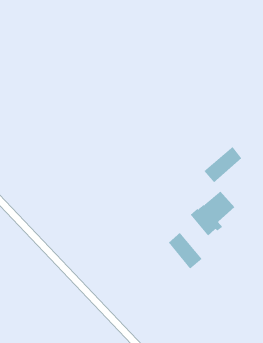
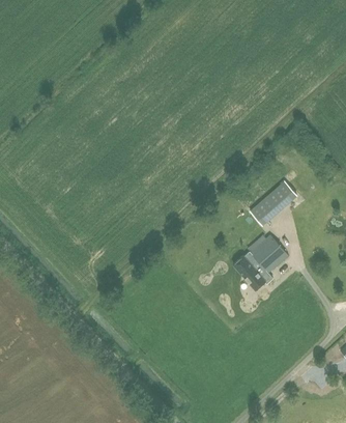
building: [168,232,202,269] -> none

